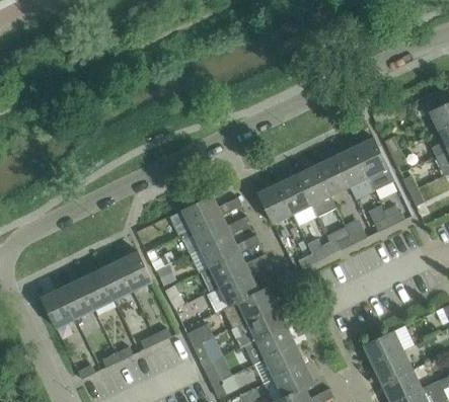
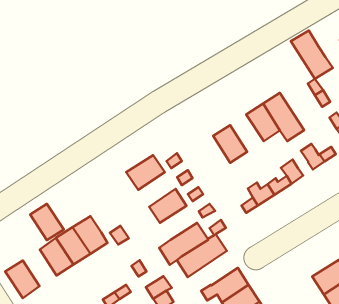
building: [354,138,394,189] -> [291,30,333,79]
building: [297,165,335,217] -> none
building: [257,183,292,224] -> none
building: [192,215,231,249] -> none
building: [200,253,249,291] -> none
building: [61,279,94,318] -> [30,204,64,240]
building: [224,306,286,346] -> none

